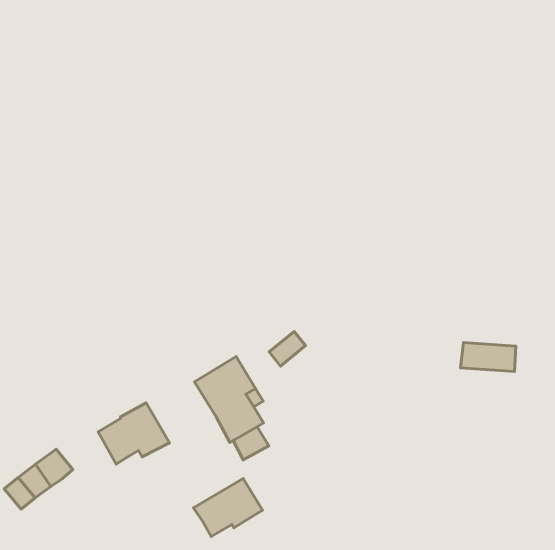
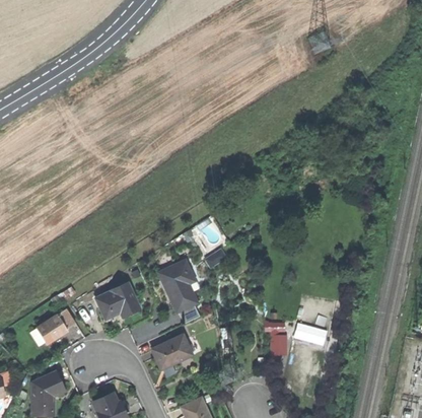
building: [461,342,516,372] -> [293,323,328,343]
building: none -> [272,323,289,354]

